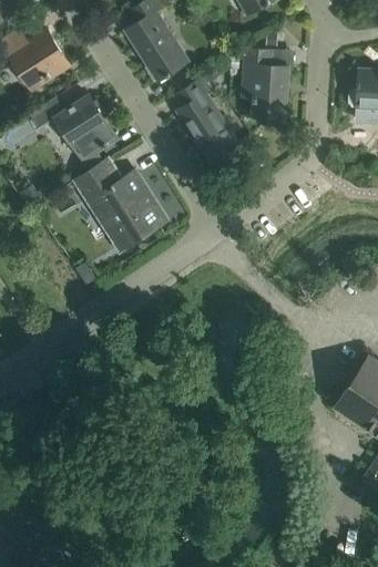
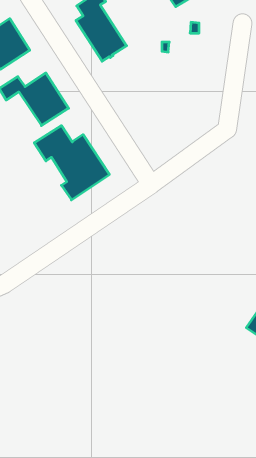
building: [242,49,288,114] -> none
building: [174,78,237,161] -> none

